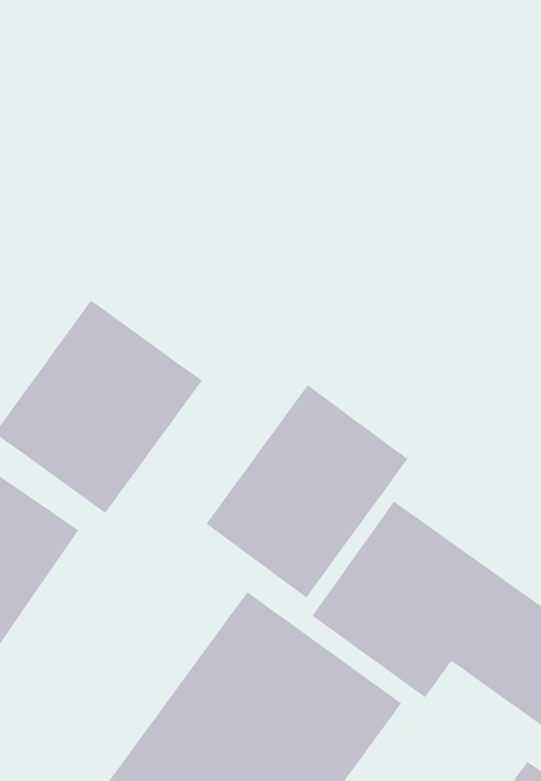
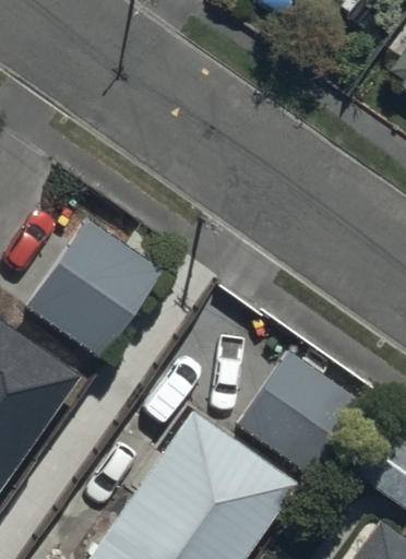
building: [206,384,408,598] -> none

